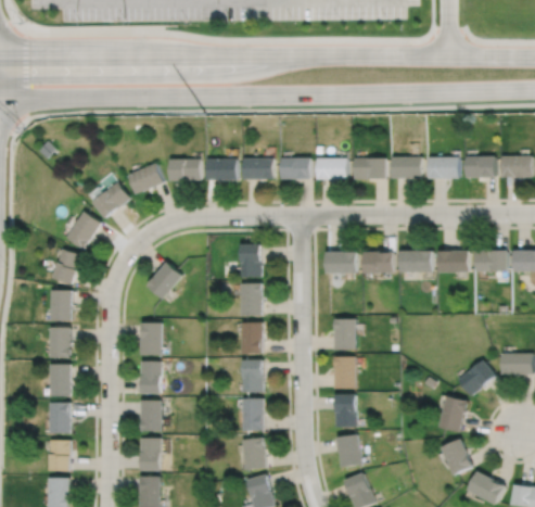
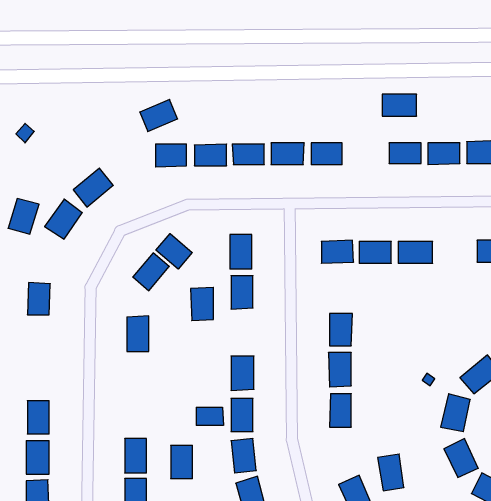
building: [353,157,385,178] -> [382,94,417,116]
building: [127,163,163,193] -> [140,99,178,132]
building: none -> [156,234,192,269]
building: [50,250,79,283] -> [8,199,39,234]
building: [437,251,468,271] -> none
building: [240,321,262,353] -> [191,287,213,321]
building: [48,328,68,357] -> none
building: [141,360,162,393] -> none
building: [48,364,68,396] -> none
building: [141,400,162,431] -> [171,445,192,479]
building: none -> [196,407,223,425]
building: [335,433,360,468] -> [378,454,404,491]

